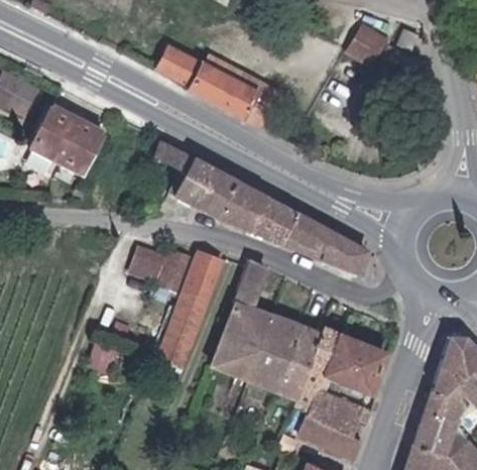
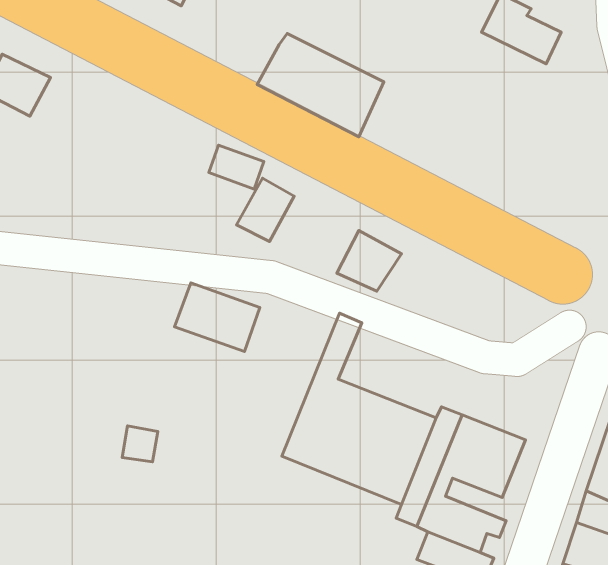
building: [155,42,206,91] -> none
building: [29,104,108,178] -> none
building: [199,172,264,229] -> none
building: [277,215,378,278] -> none
building: [156,253,223,365] -> none

